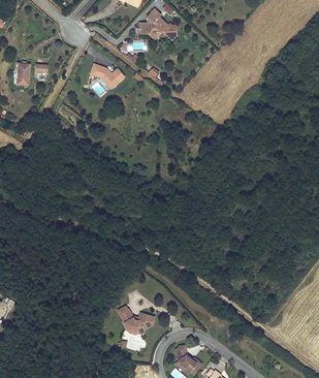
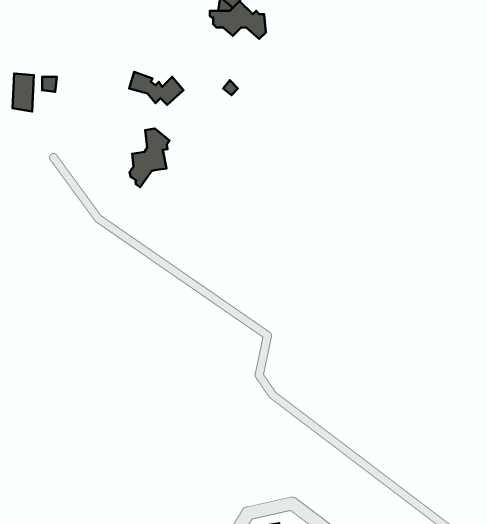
building: none -> [130,129,170,187]
building: [121,307,155,333] -> none

